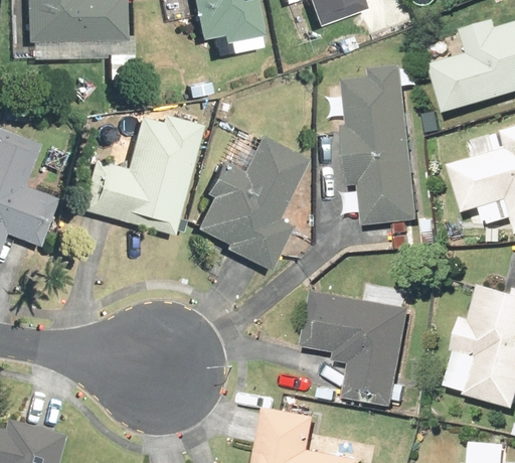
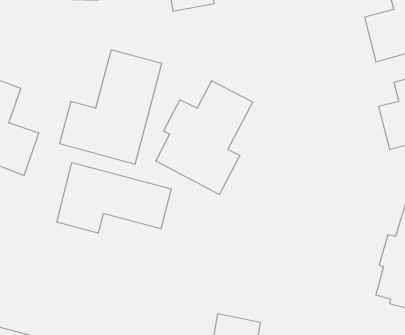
building: [325,66,418,224] -> none
building: none -> [57,163,171,233]
building: [302,292,411,407] -> none

